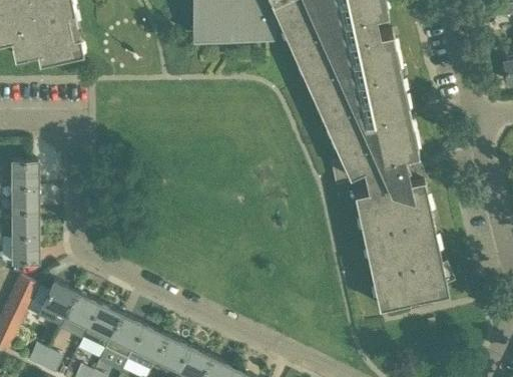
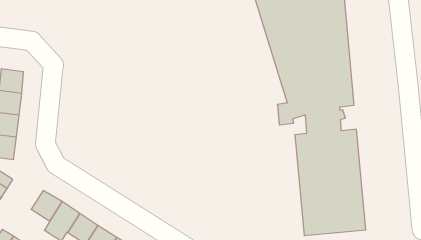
building: [37,283,76,328] -> none

